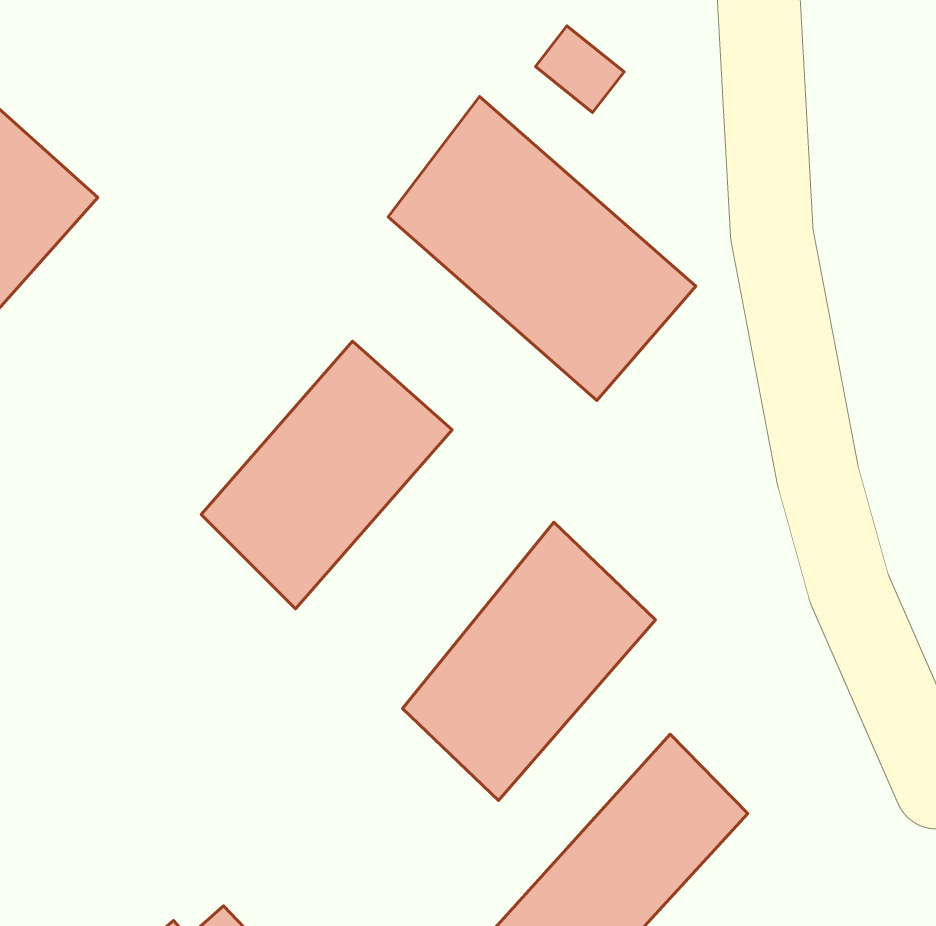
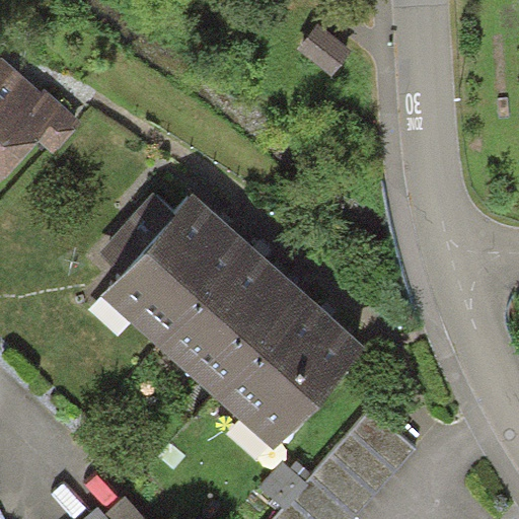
building: [388,97,696,400] -> none
building: none -> [162,245,304,398]

